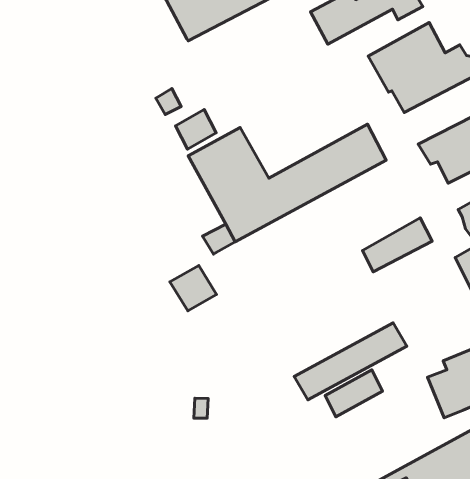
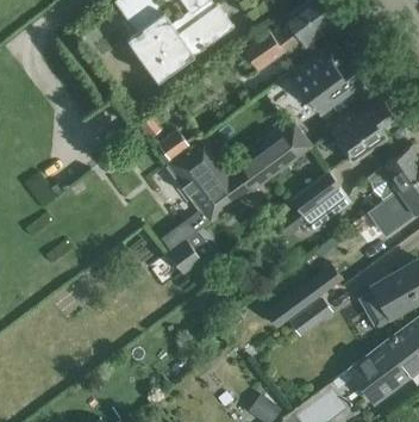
building: none -> [289,172,340,216]

